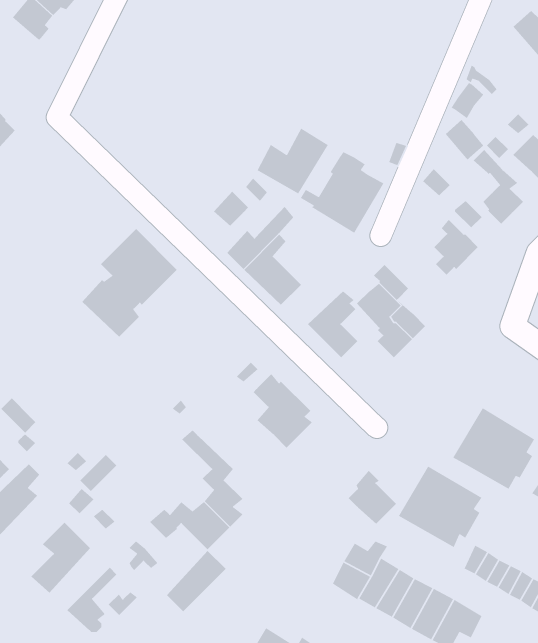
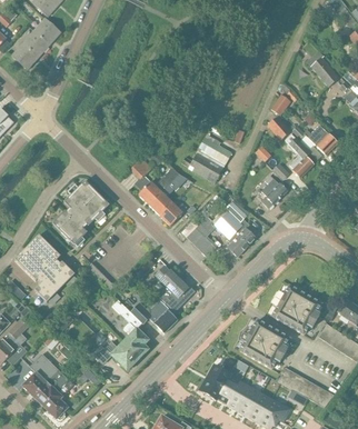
building: [256,127,329,194] -> none
building: none -> [14,235,74,301]
building: [348,470,397,525] -> [148,300,177,332]
building: [166,550,226,612] -> [33,369,69,406]

